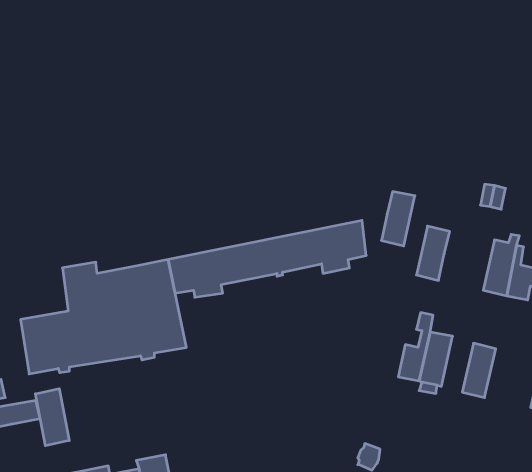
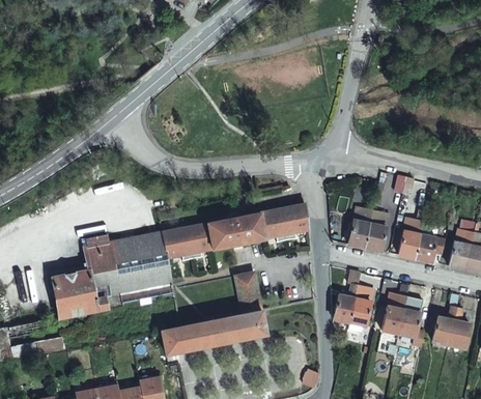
building: [381,192,415,246] -> [364,210,389,251]
building: none -> [163,273,267,354]
building: none -> [398,297,425,344]
building: [35,389,69,446] -> none

